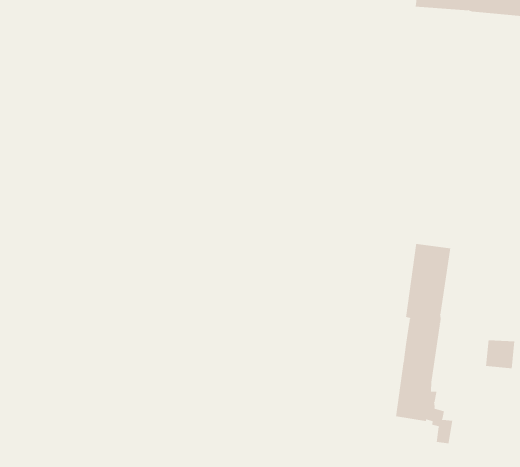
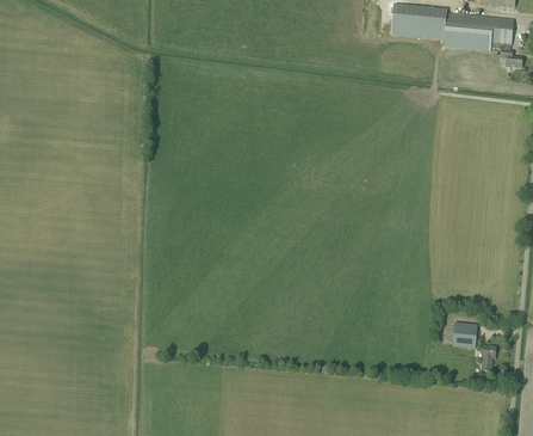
building: [396,243,453,444] -> none

